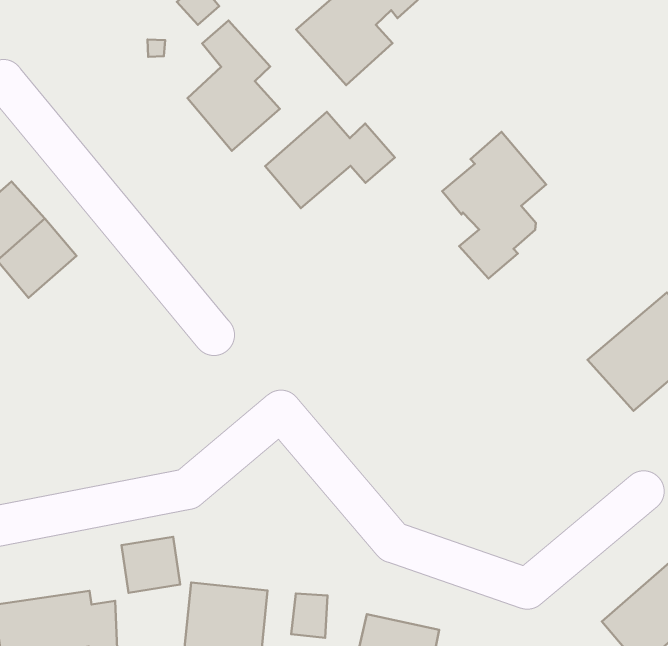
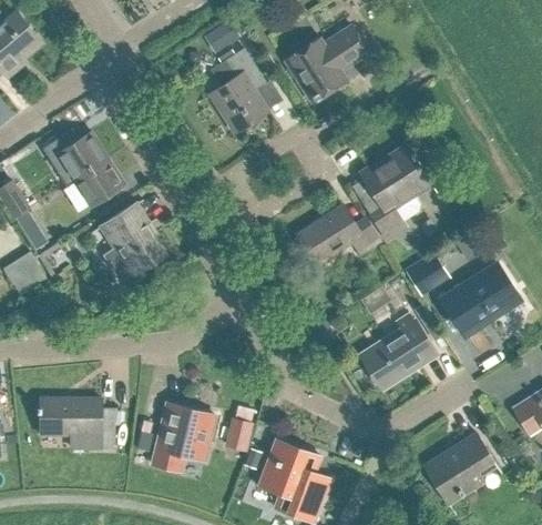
building: [265,112,395,208] -> [297,205,380,264]
building: none -> [100,203,164,280]
building: none -> [405,253,450,296]
building: none -> [360,313,434,387]
building: [121,537,180,593] -> none

